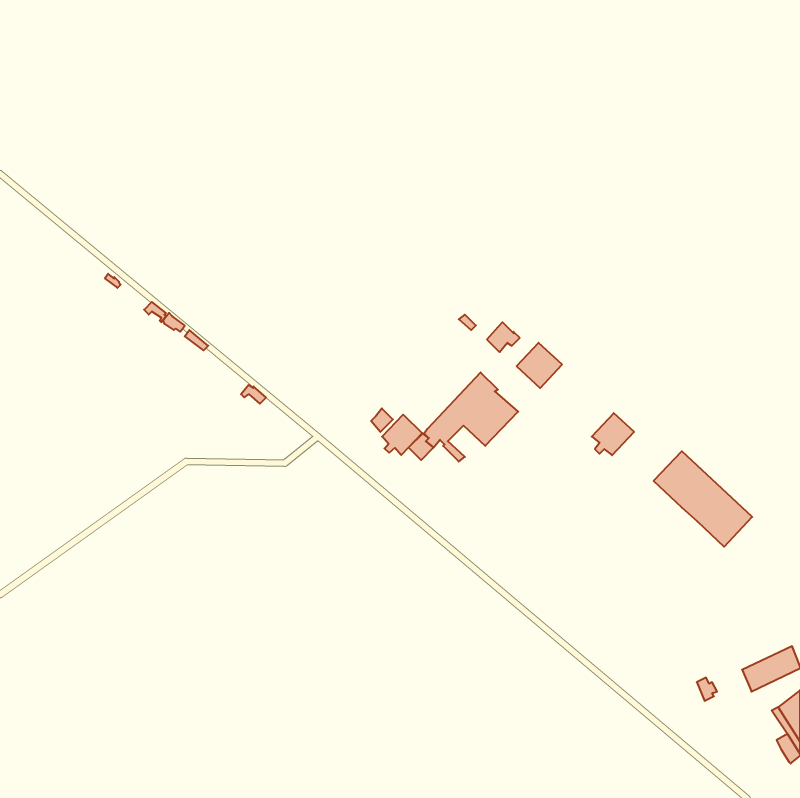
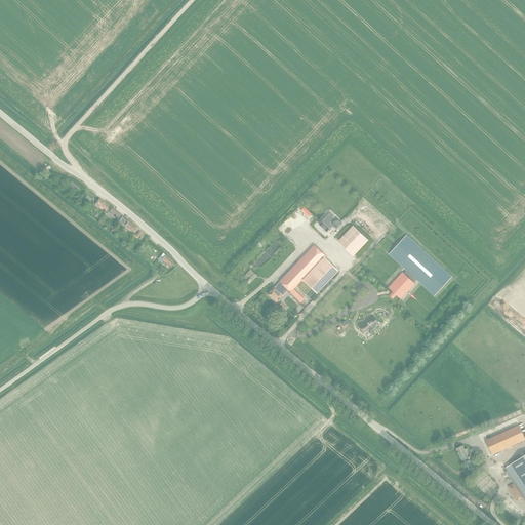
building: [382,415,422,455] -> none
building: [654,451,752,547] -> [388,233,452,295]

